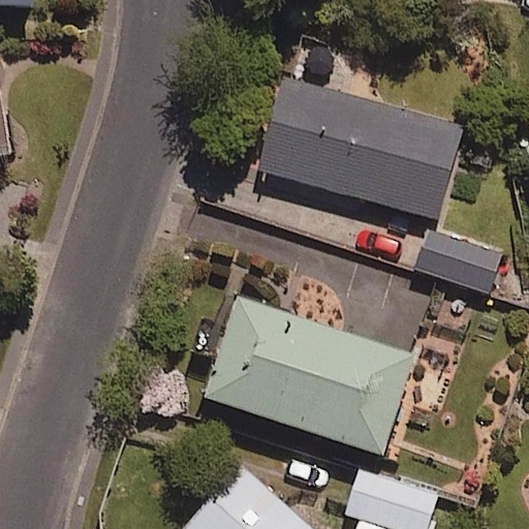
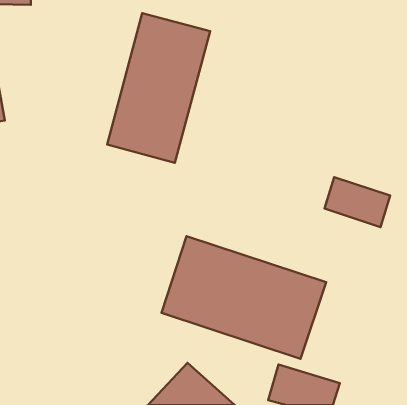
building: none -> [107,13,210,163]
building: [259,76,461,217] -> none

